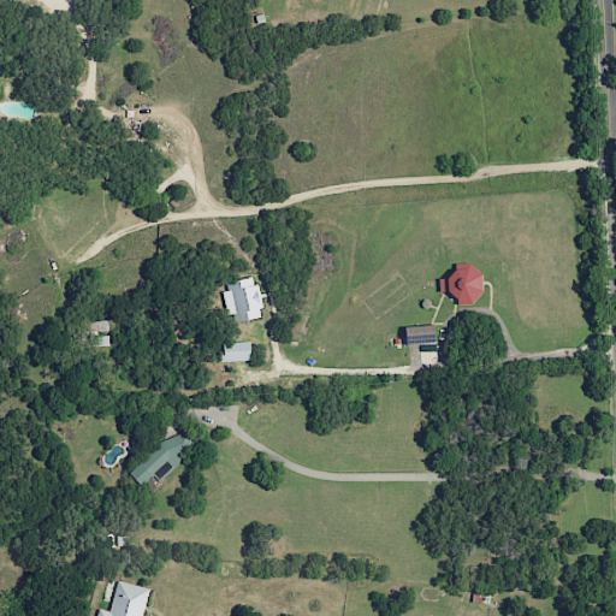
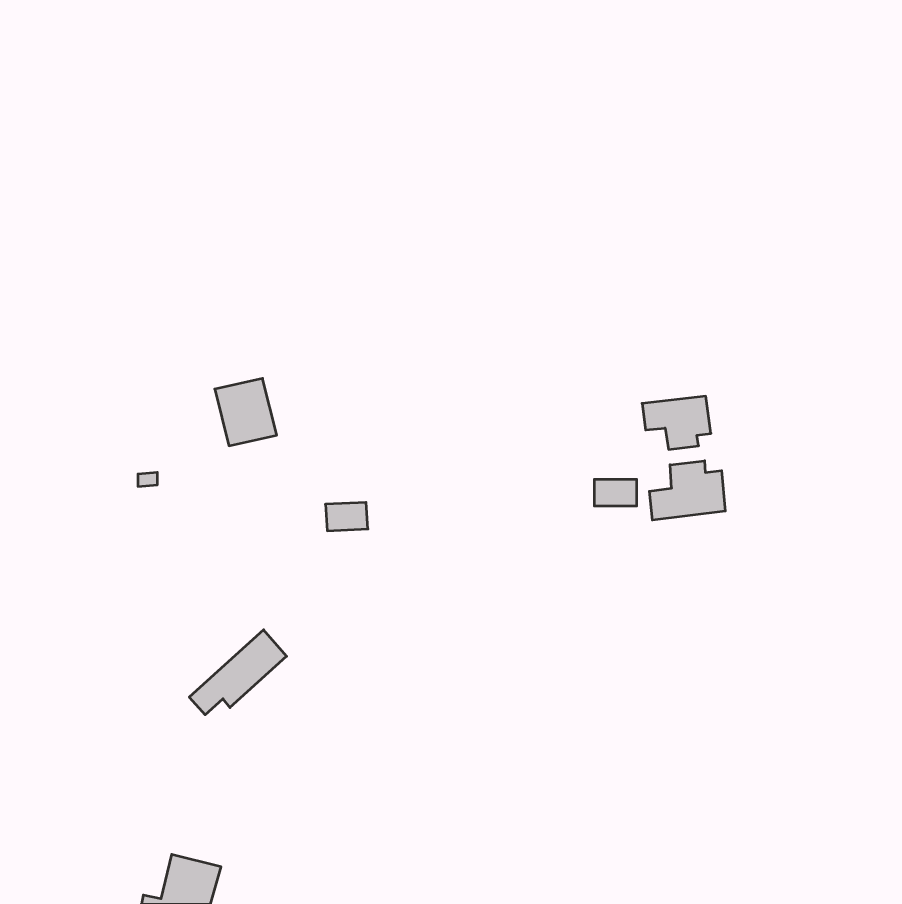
building: [221,277,263,322] -> [215,378,277,446]
building: none -> [649,461,725,520]

